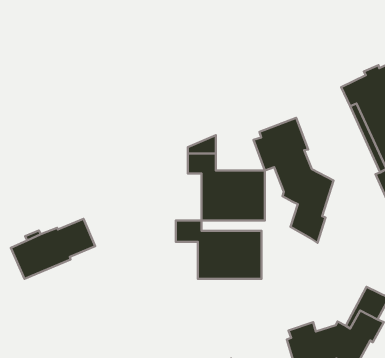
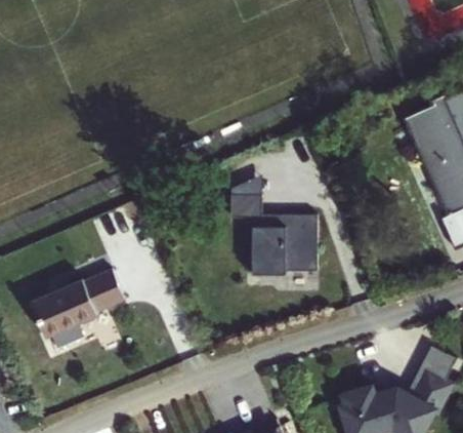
building: [253,118,333,243] -> none
building: [176,221,262,279] -> none

